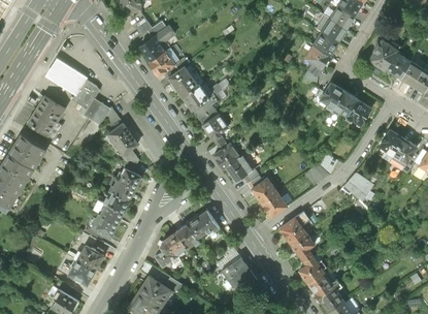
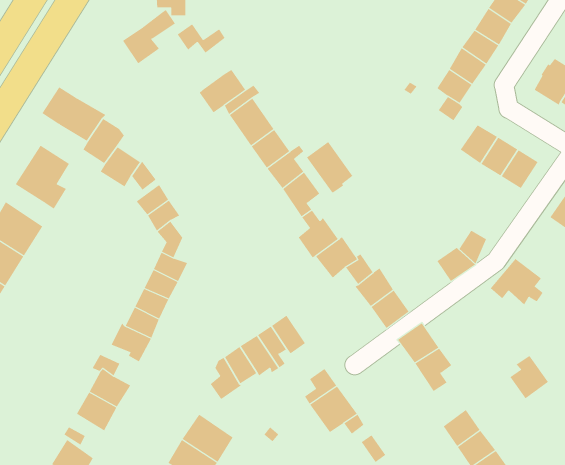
building: [140,25,175,61] -> [122,9,176,64]
building: none -> [306,141,353,193]
building: [298,253,324,282] -> [509,355,549,399]

